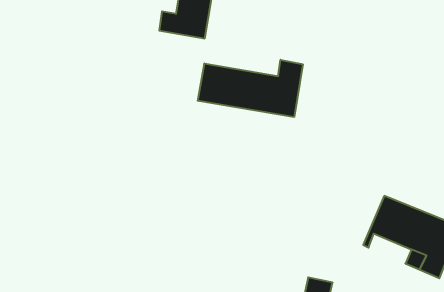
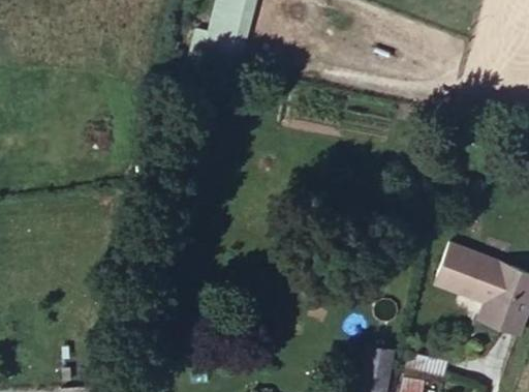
building: [198,60,303,117] -> none

